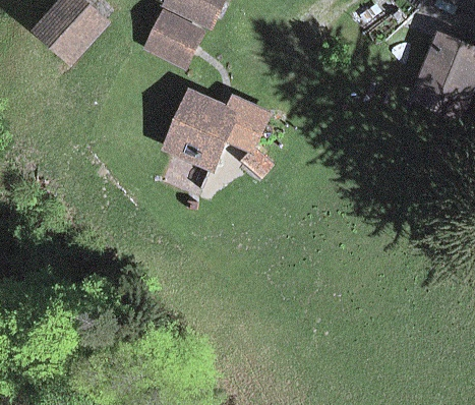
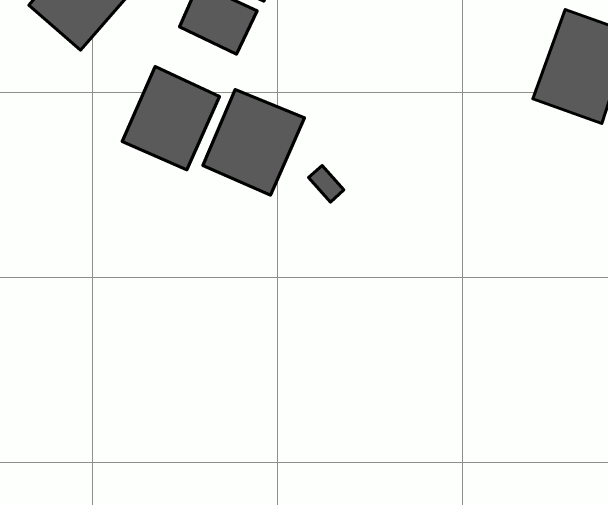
building: none -> [122,66,220,170]

